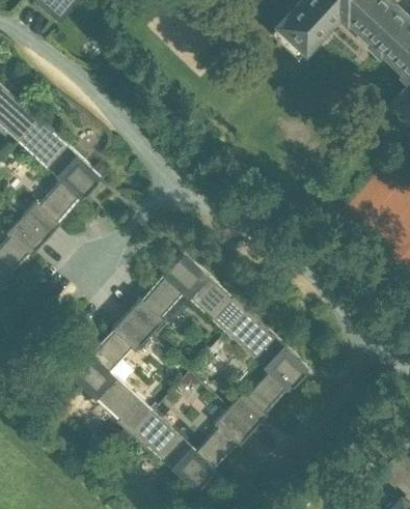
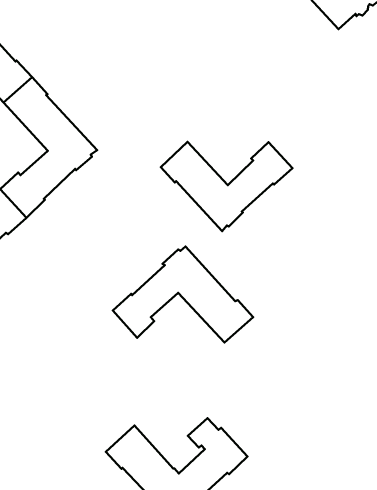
building: none -> [161,142,292,231]
building: [225,309,308,429] -> none
building: [71,313,154,435] -> none

